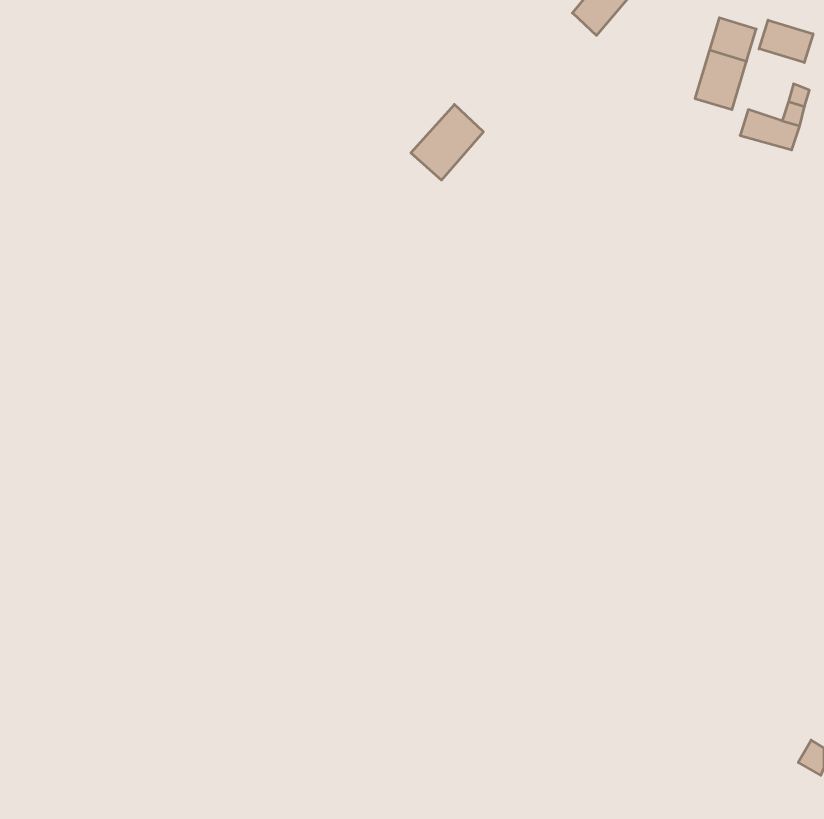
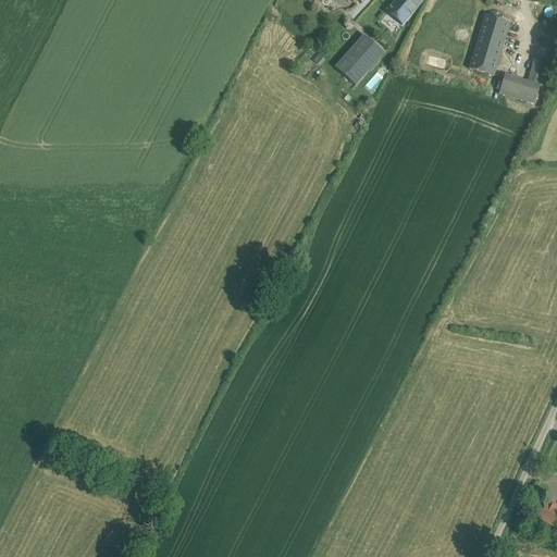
building: [759,20,813,63] -> none
building: [411,104,483,180] -> [335,33,384,84]

